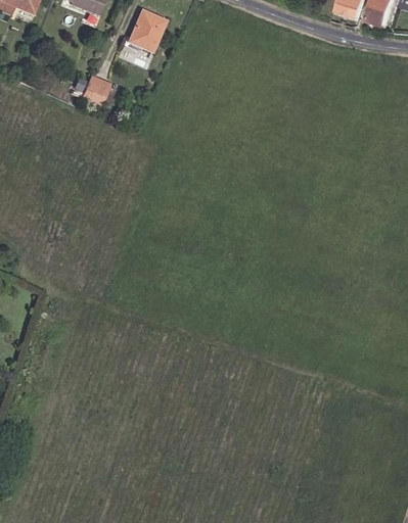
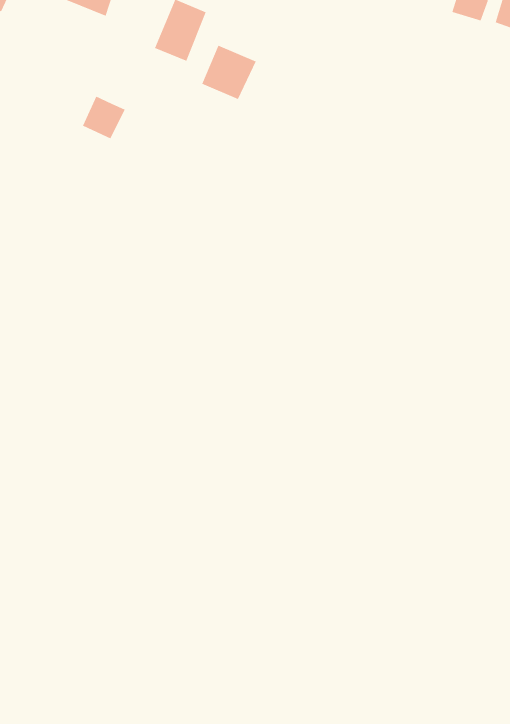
building: none -> [201,45,256,100]

